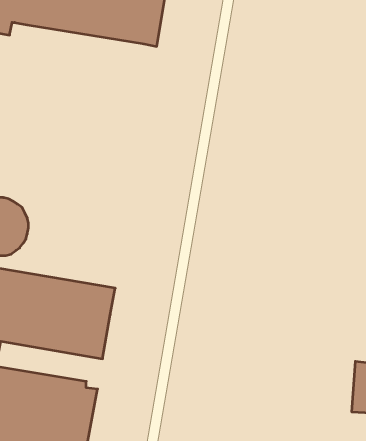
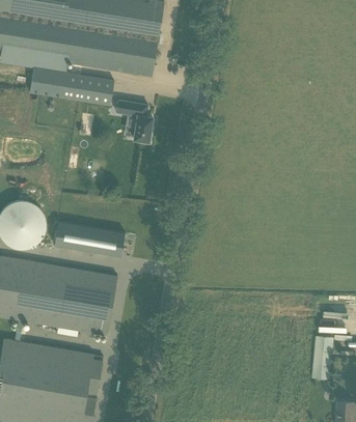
building: none -> [30,67,115,106]
building: none -> [117,100,153,143]
building: none -> [55,221,126,256]

